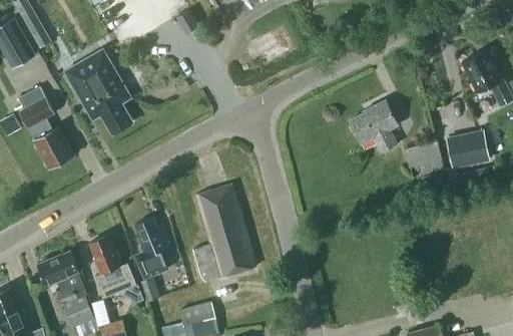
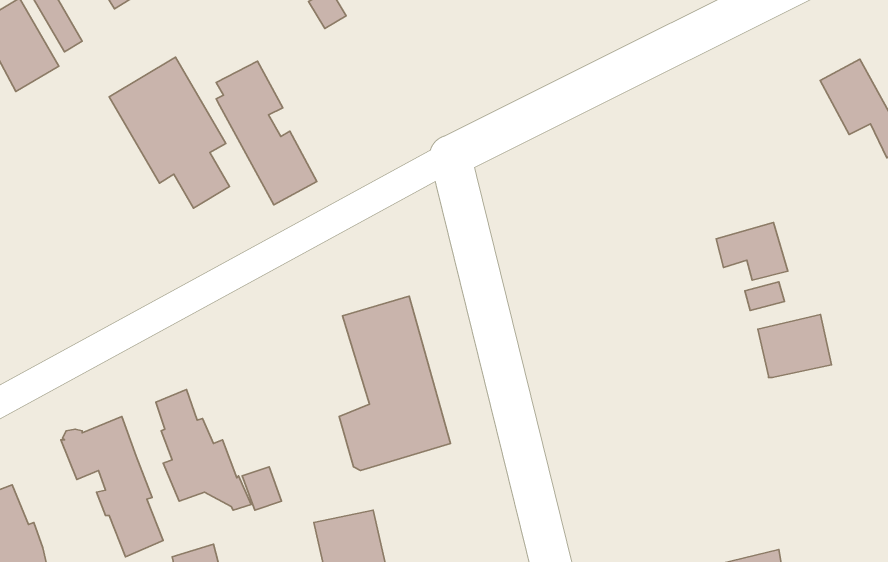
building: [17,87,73,167] -> [216,61,317,205]
building: [350,102,398,153] -> none
building: [448,132,489,167] -> [758,315,831,378]
building: [135,218,170,279] -> none

